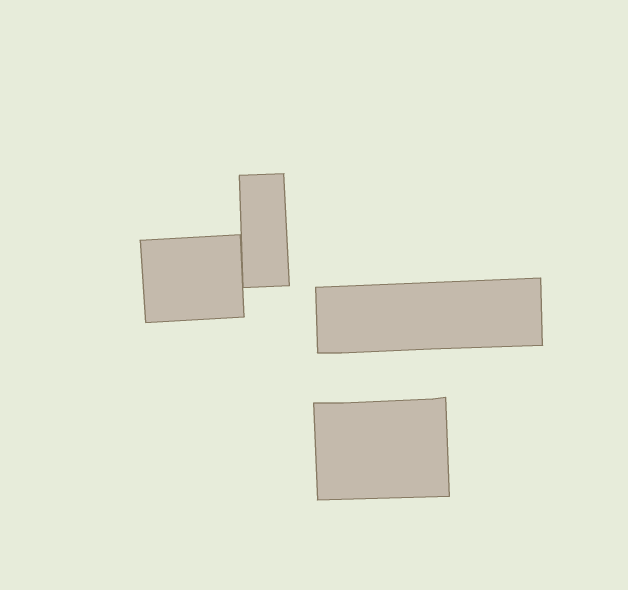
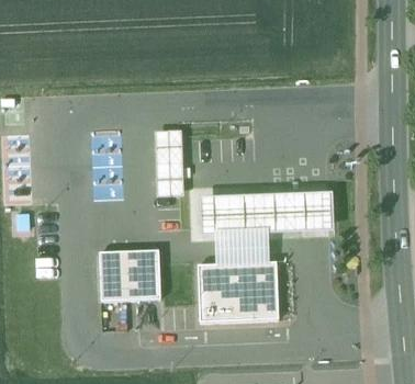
building: [140,235,244,322] -> [99,248,160,300]
building: none -> [215,231,269,263]

